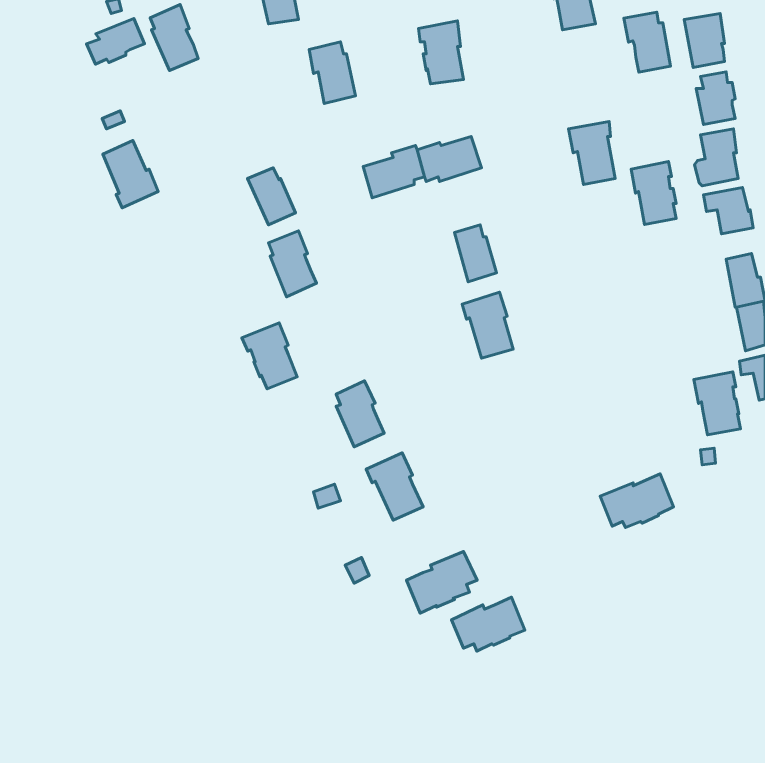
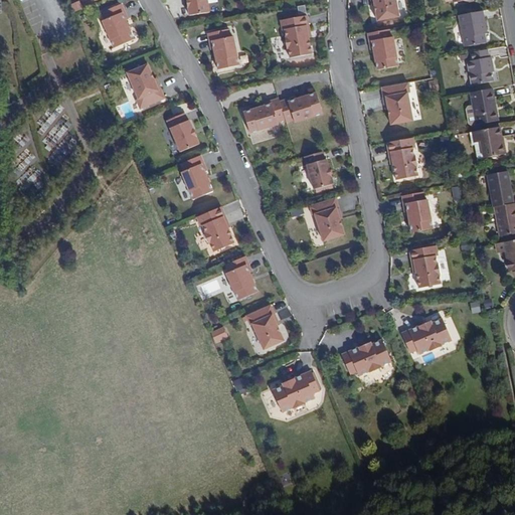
building: [624,12,670,72] -> [367,29,398,69]
building: [87,18,144,64] -> none
building: [103,141,158,208] -> [127,63,164,109]
building: [631,162,676,225] -> [387,137,417,179]
building: none -> [402,191,433,231]
building: [242,323,297,389] -> [196,206,233,250]
building: [694,372,740,435] -> [410,244,442,287]
building: [451,597,525,651] -> [342,338,391,374]

